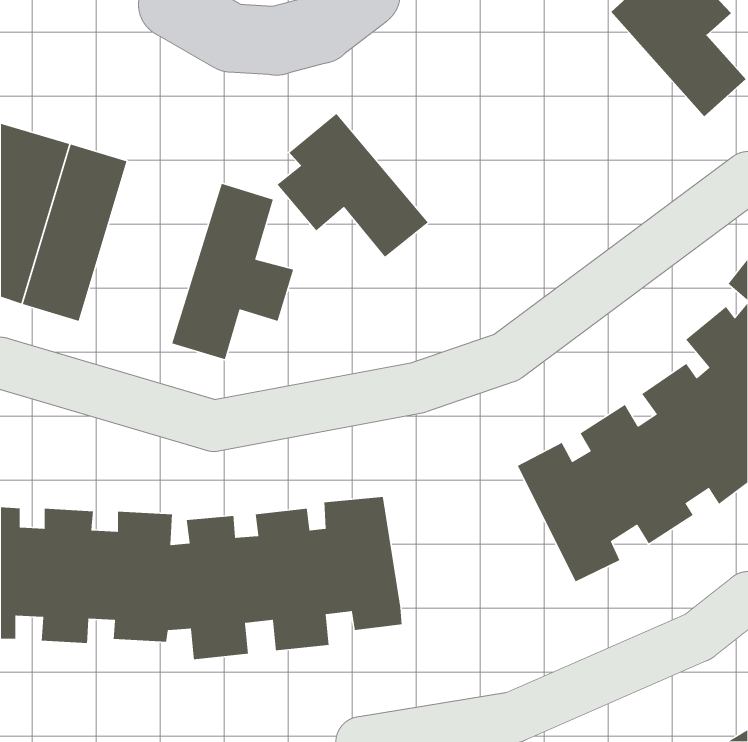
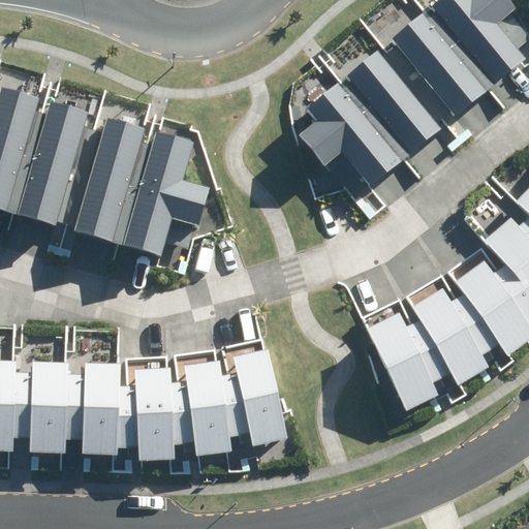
building: none -> [391,13,488,117]
building: none -> [346,50,444,153]
building: [277,113,429,258] -> [295,82,403,184]
building: none -> [71,115,156,243]

